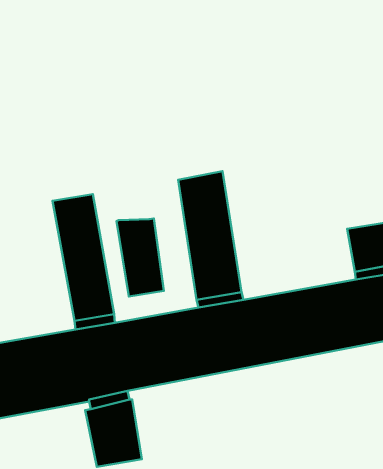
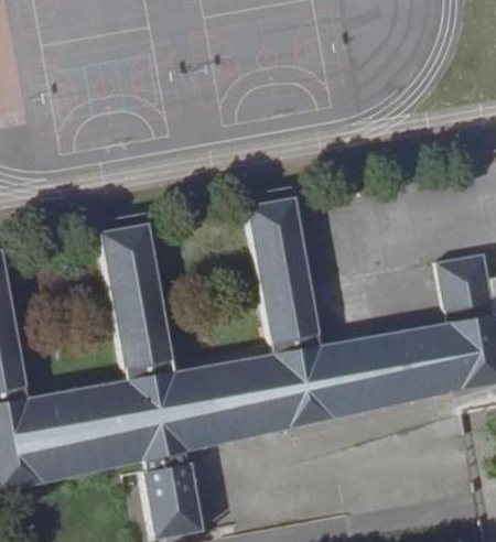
building: [116,218,164,296] -> none

